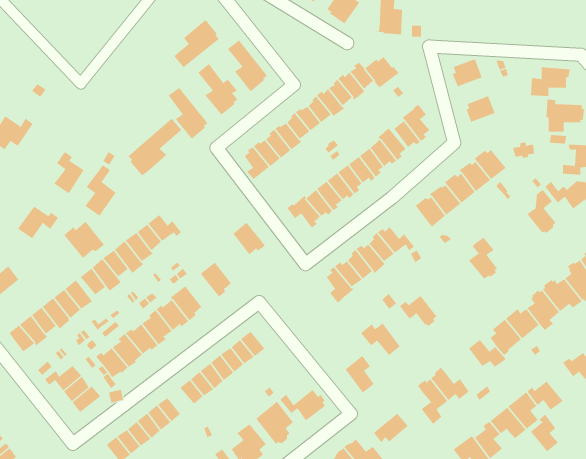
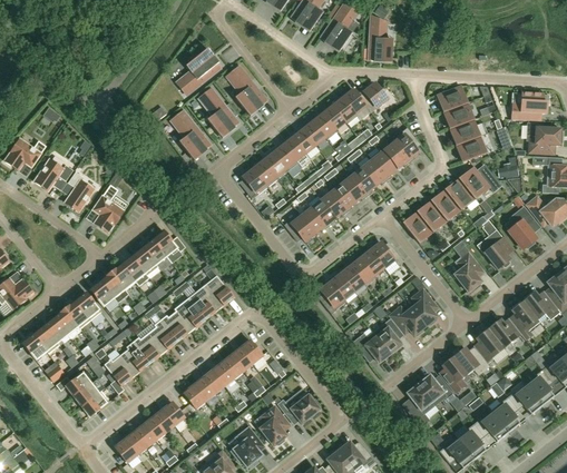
building: none -> [444,102,472,128]
building: none -> [457,136,486,161]
building: [126,118,182,176] -> none
building: [17,206,59,239] -> [33,159,72,190]
building: none -> [478,229,511,268]
building: [64,221,105,259] -> none
building: [233,222,266,255] -> [188,286,219,317]
building: none -> [409,288,437,326]
building: none -> [441,356,470,393]
building: [345,355,375,393] -> [373,318,401,354]
building: [373,413,408,443] -> none
building: [530,414,559,452] -> [527,369,554,405]

